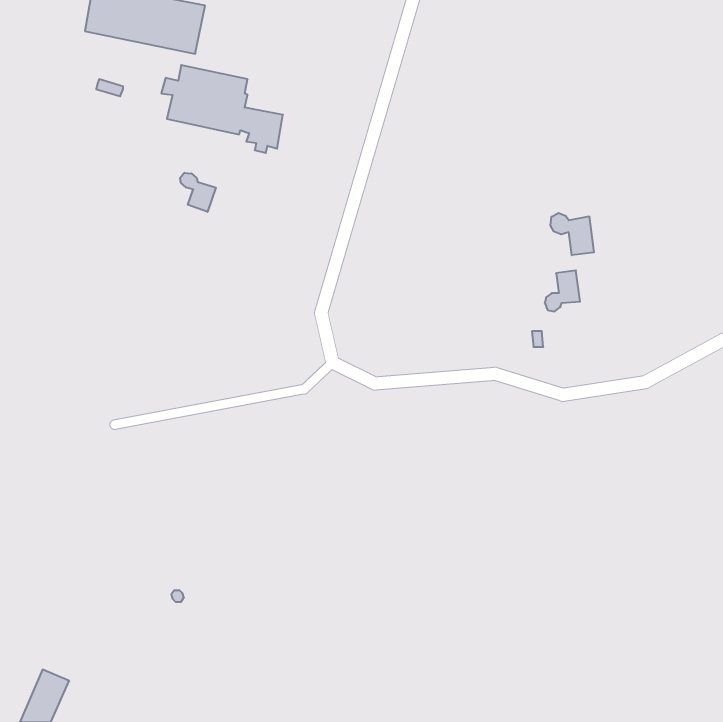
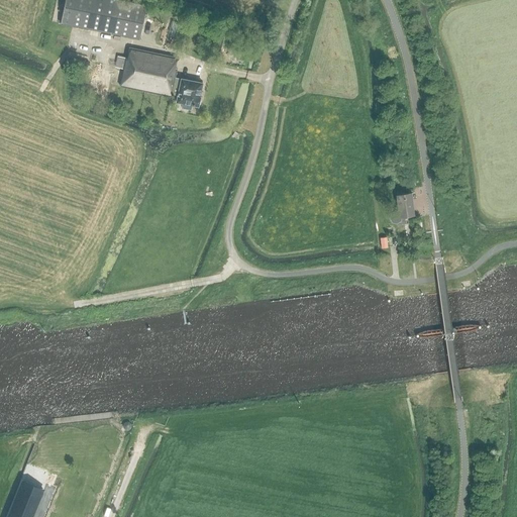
building: [180,173,216,212] -> none
building: [551,213,594,255] -> none

